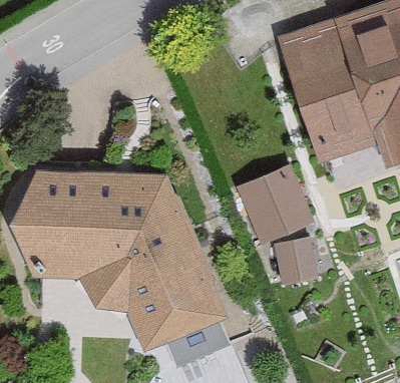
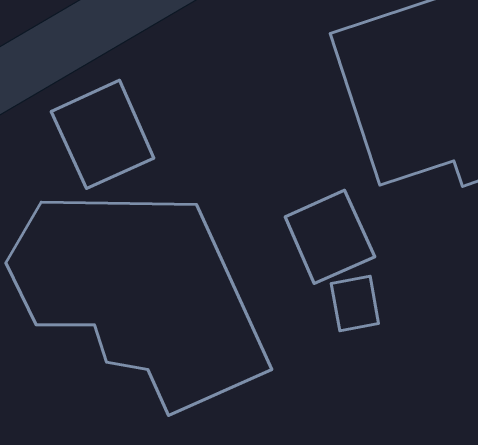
building: none -> [51,80,154,188]

